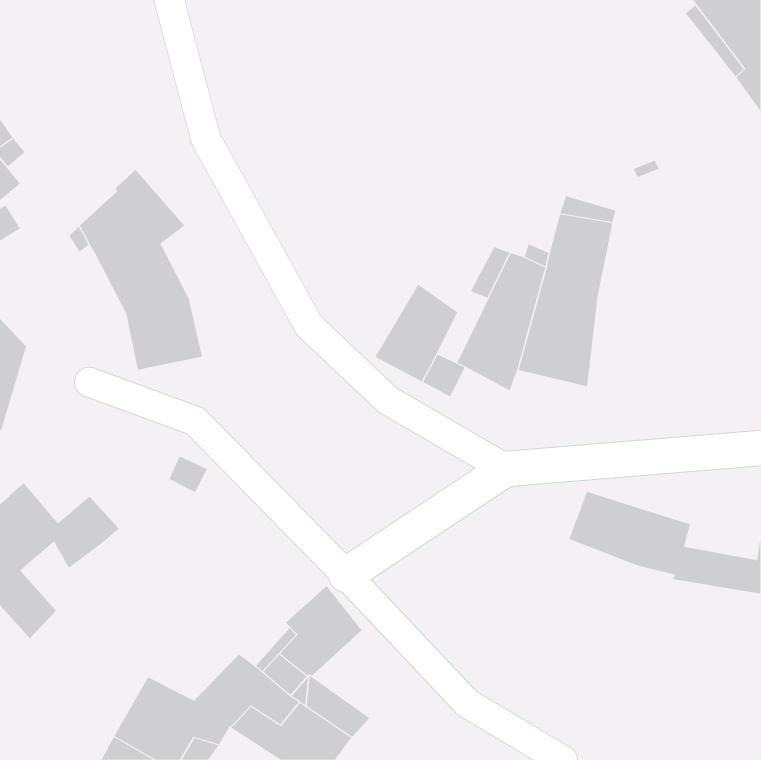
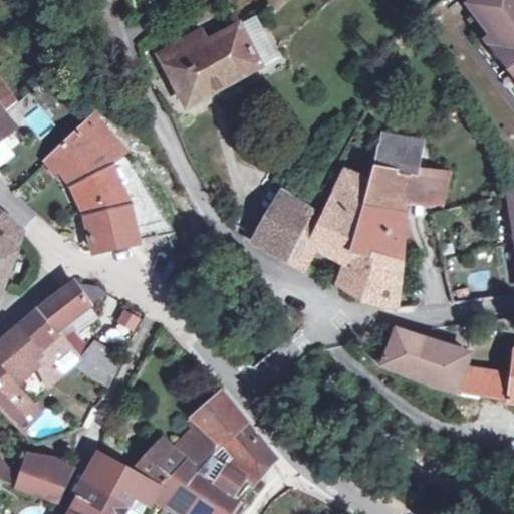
building: none -> [159,14,276,103]
building: none -> [403,165,469,203]
building: none -> [336,249,397,305]
building: none -> [16,281,119,387]
building: none -> [210,424,270,483]
building: none -> [15,456,70,497]

